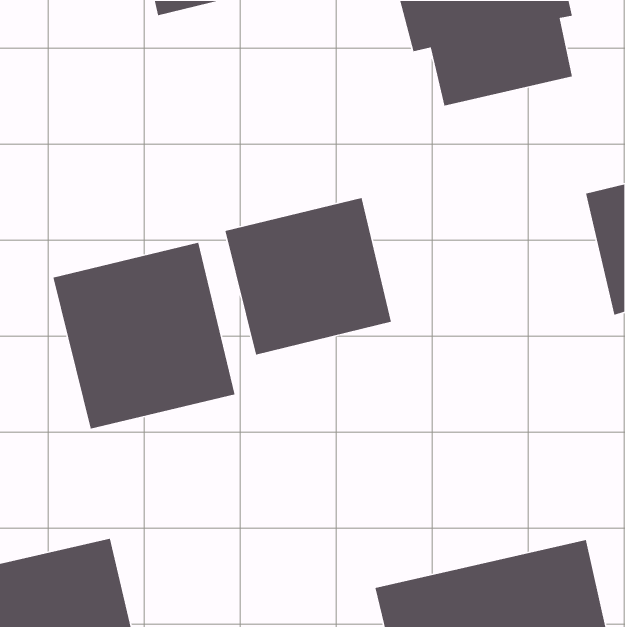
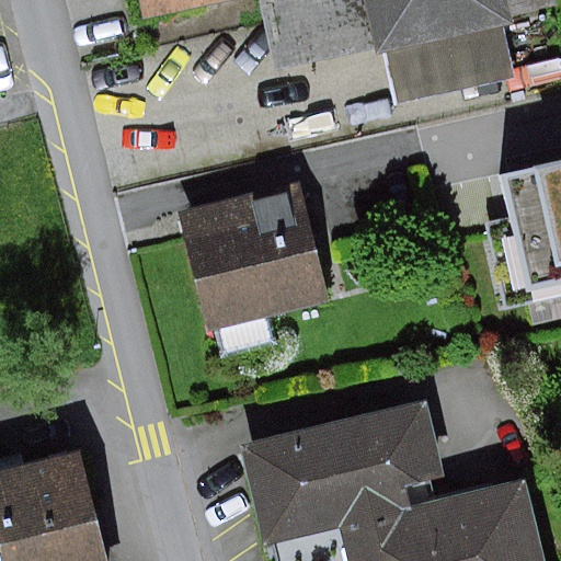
building: [52,242,235,430] -> none
building: none -> [241,403,437,540]

